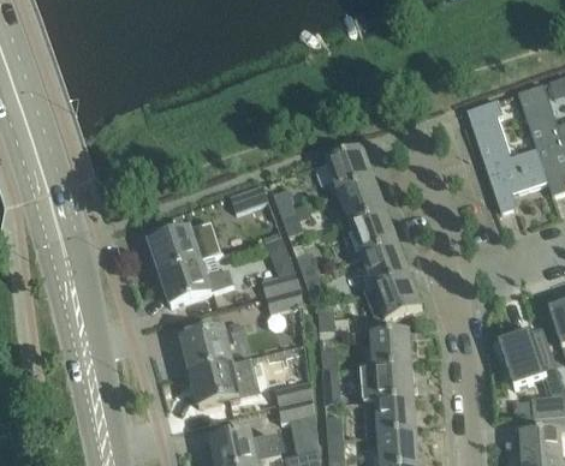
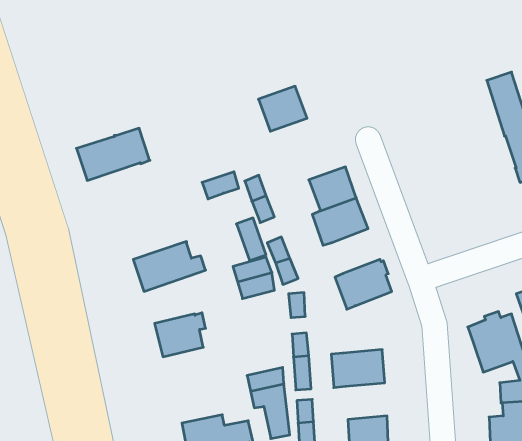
building: [466,98,548,211] -> none
building: [326,147,375,192] -> [258,86,307,131]
building: [149,220,224,273] -> [76,128,150,180]
building: [361,241,410,287] -> none
building: [370,330,412,368] -> none
building: [190,357,257,405] -> none
building: [363,398,417,435] -> none

